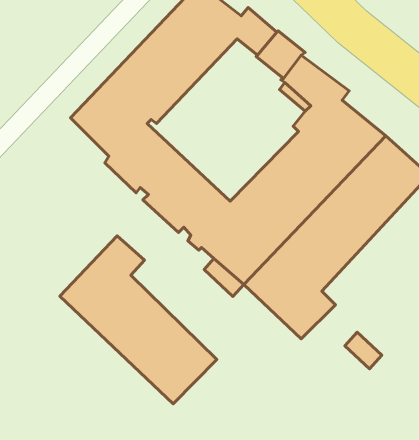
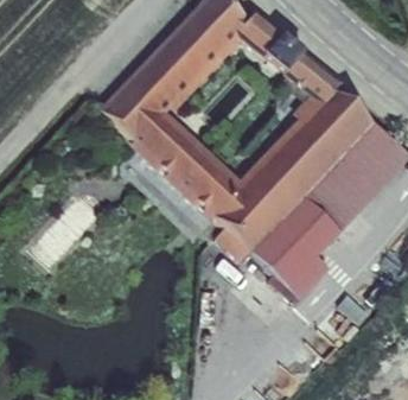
building: [60,236,217,404] -> none

